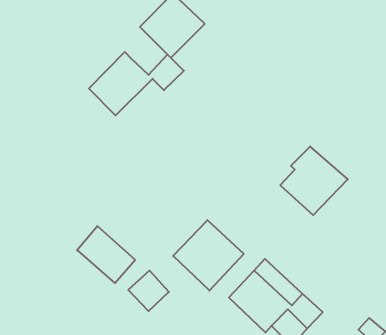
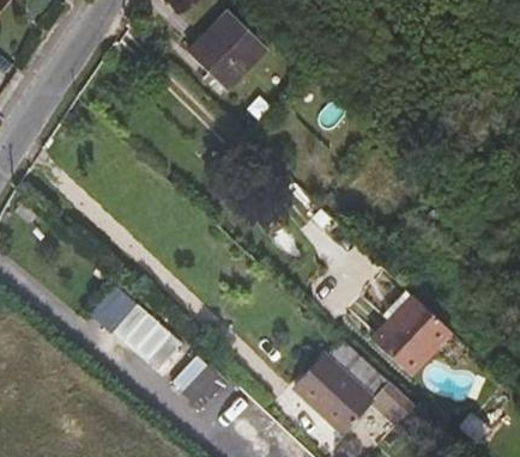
building: [89,52,184,115] -> none
building: [280,146,348,215] -> [368,291,452,376]
building: [173,220,244,291] -> none

